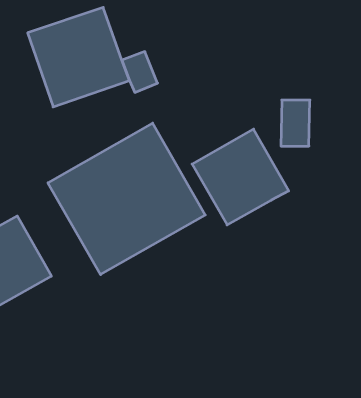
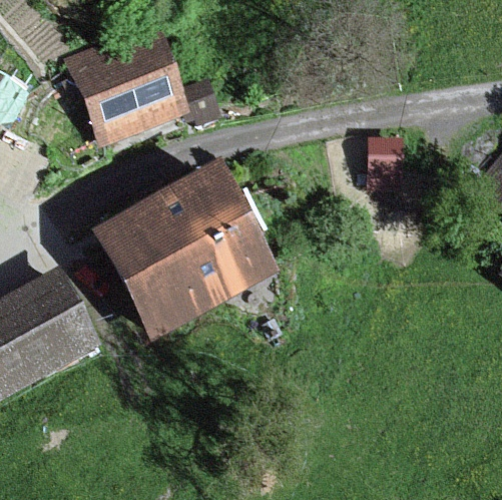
building: [192,129,289,225] -> none

